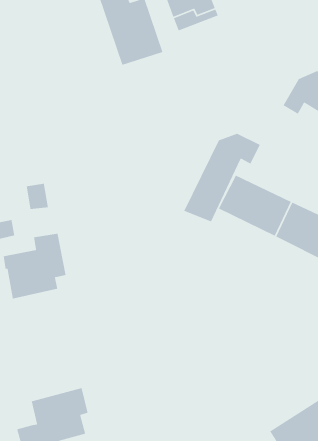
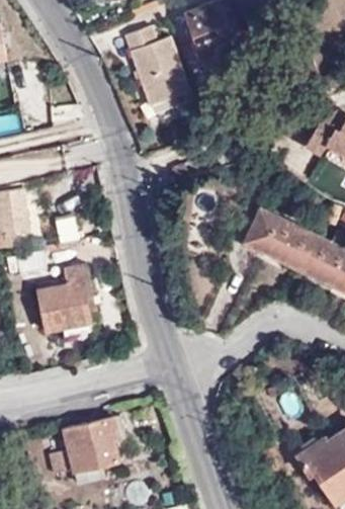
building: [183,133,261,222] -> none

